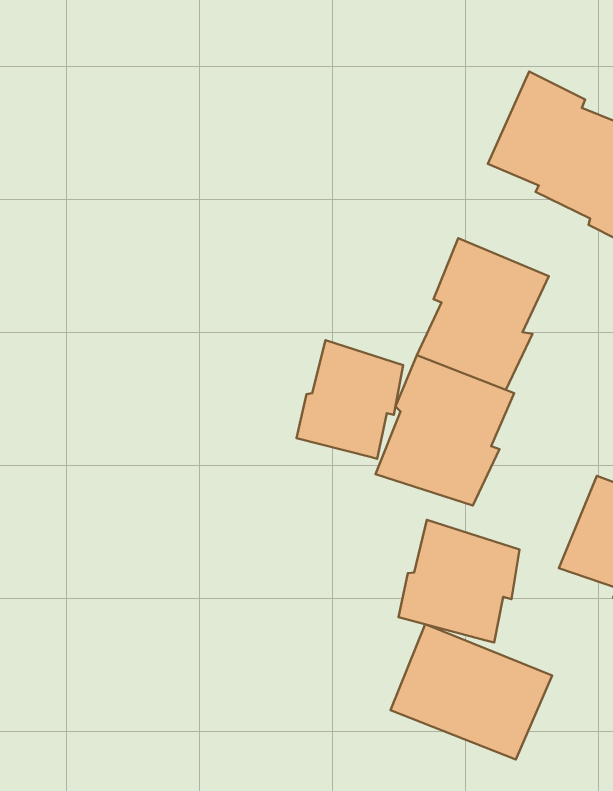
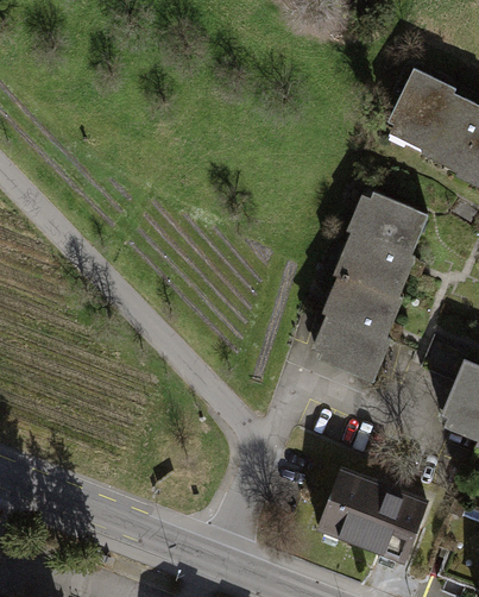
building: [296,340,403,459] -> none
building: [398,520,519,643] -> none

